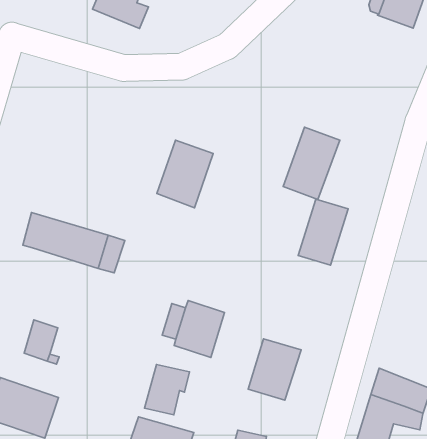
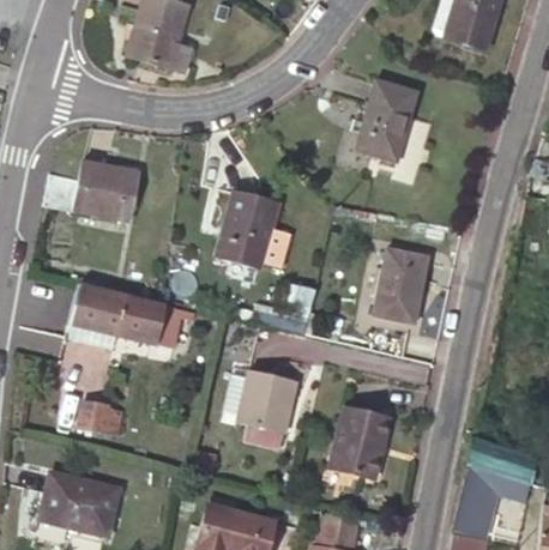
building: none -> [46,162,141,224]
building: [283,127,340,200] -> [360,80,420,161]
building: [144,364,189,415] -> none

